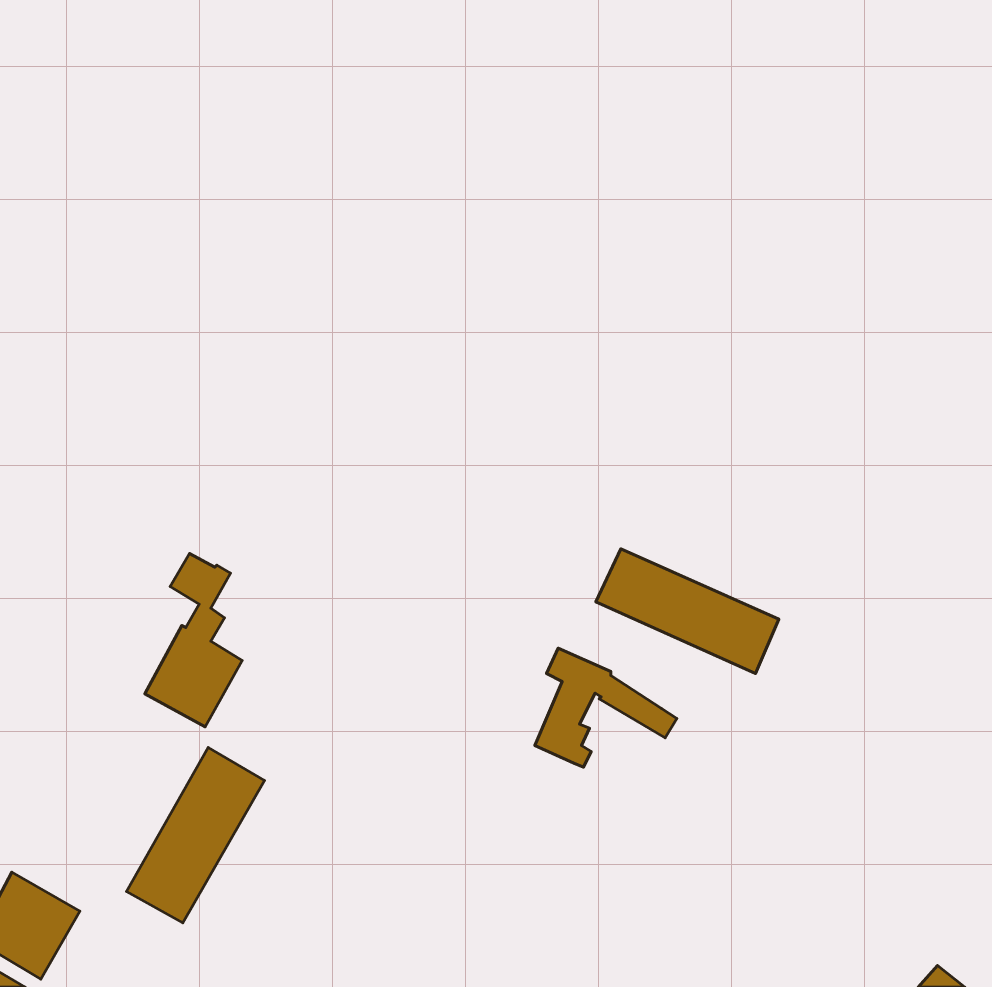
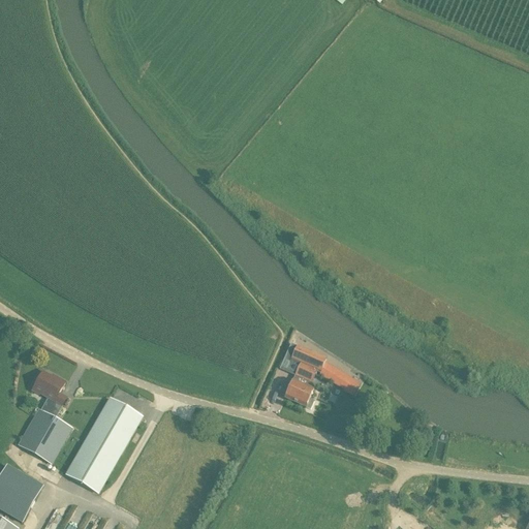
building: [596,549,779,674] -> none
building: [145,554,242,727] -> [19,369,70,461]

